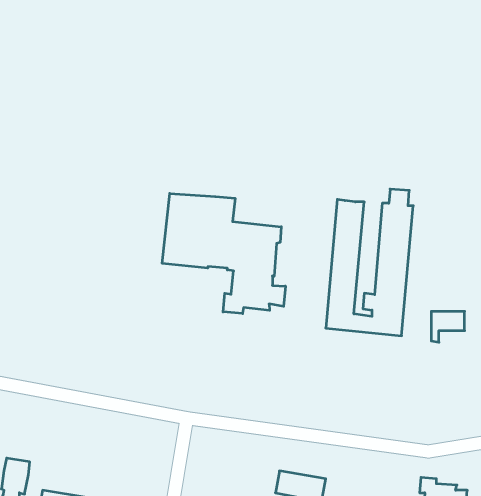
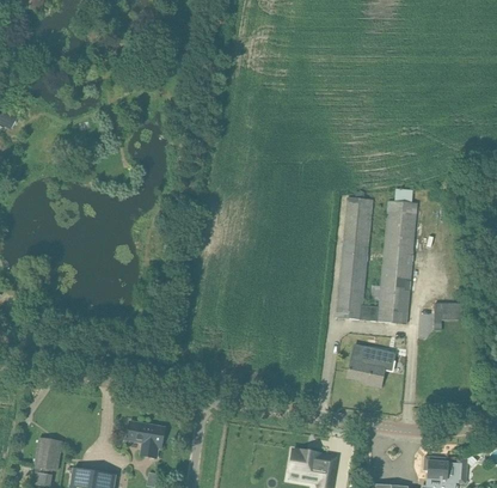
building: [162,193,285,314] -> none
building: none -> [348,346,395,386]
building: none -> [127,420,164,457]

